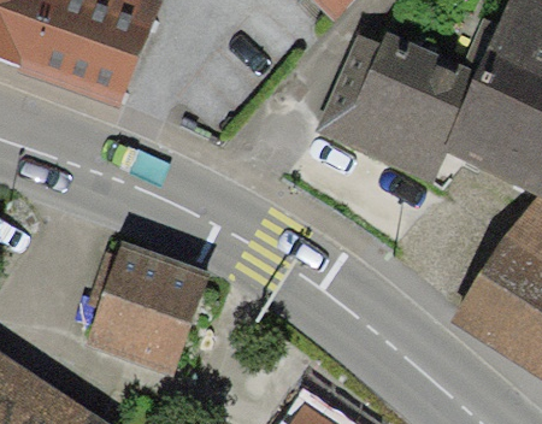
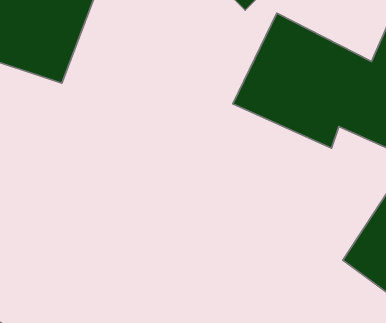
building: [86,248,210,372] -> none

